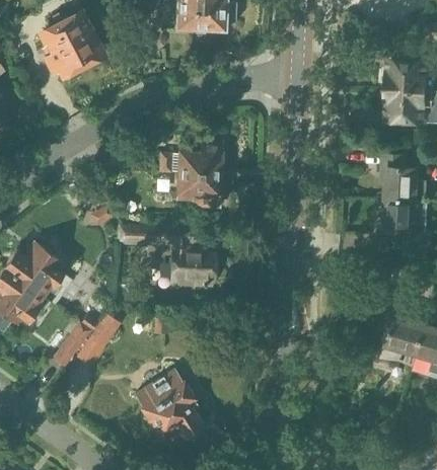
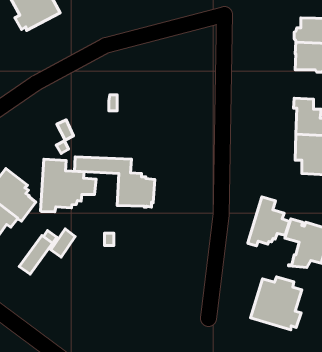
building: [178,142,222,206] -> none
building: none -> [41,159,96,212]
building: none -> [248,197,290,246]
building: [136,370,202,443] -> none
building: none -> [250,277,302,330]

